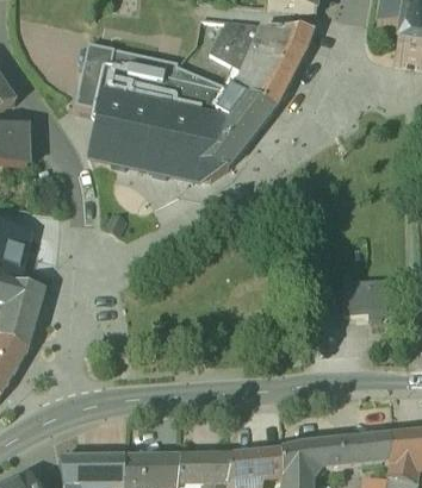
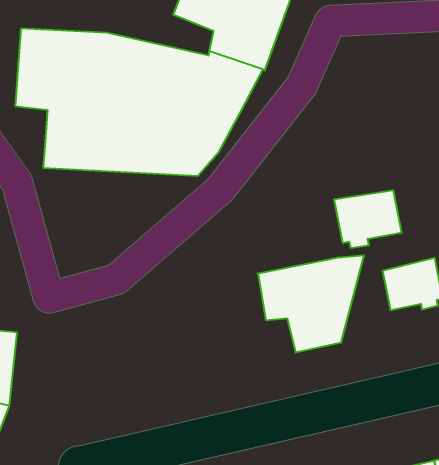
building: none -> [334,190,402,248]
building: none -> [257,255,364,353]

